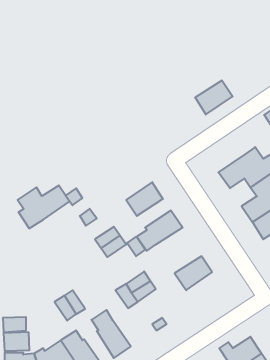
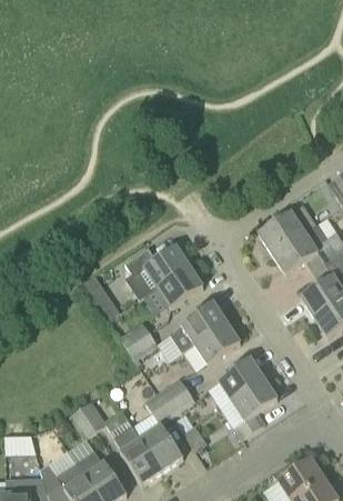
building: [195,81,233,115] -> [259,211,305,253]
building: [18,185,69,228] -> [125,246,190,299]
building: none -> [194,322,241,363]
building: none -> [232,378,278,439]
building: none -> [141,423,183,470]

